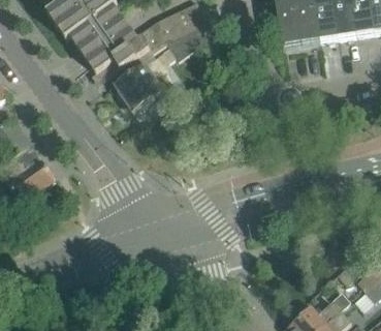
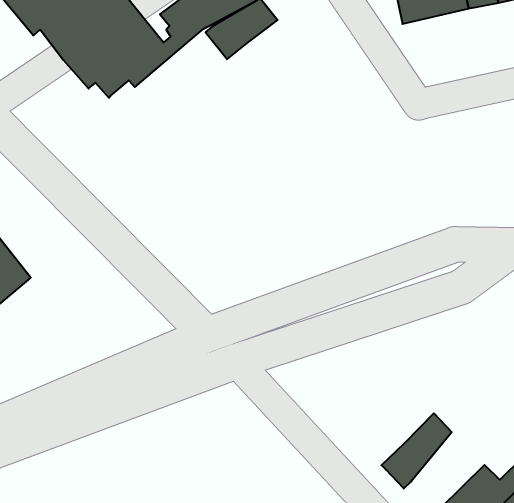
building: [114,61,172,110] -> none
building: none -> [381,413,452,489]

